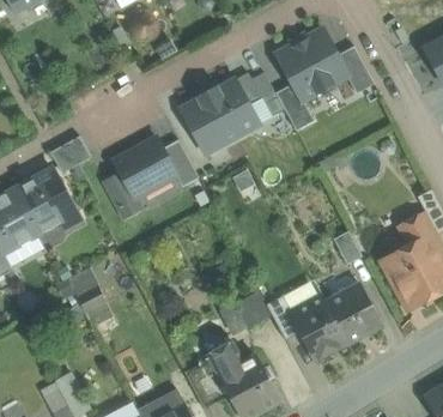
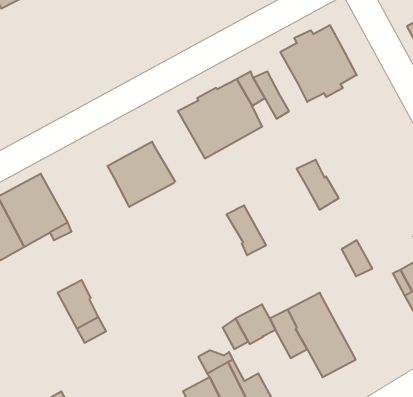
building: [336,46,374,93] -> none
building: [274,84,314,131] -> [297,160,339,210]
building: [49,135,91,173] -> none
building: [162,140,199,187] -> [226,205,266,255]
building: [103,171,141,218] -> none
building: [324,284,381,342] -> none

